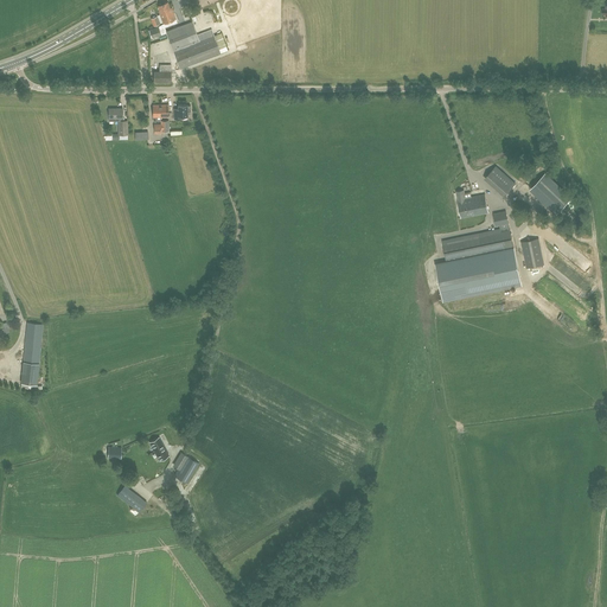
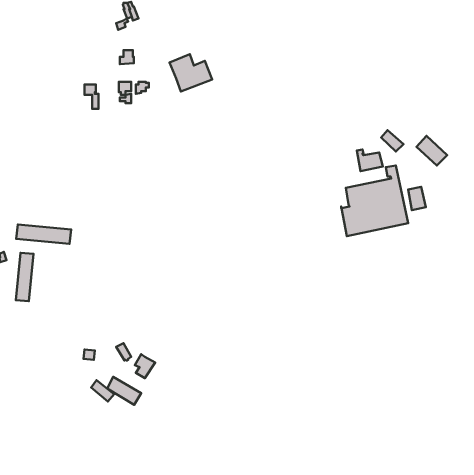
building: [165,20,219,68] -> [170,54,212,91]
building: none -> [16,224,71,244]
building: none -> [107,377,141,405]

